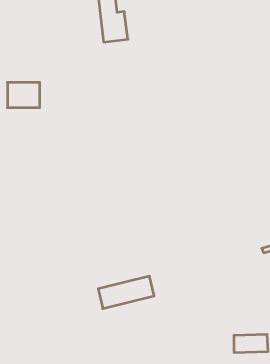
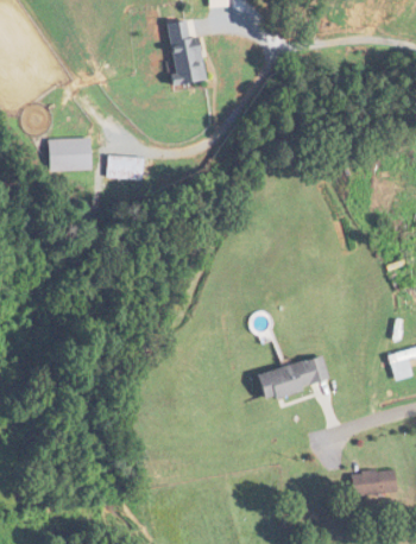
building: none -> [109,157,144,178]
building: [98,276,154,309] -> [253,358,327,400]

